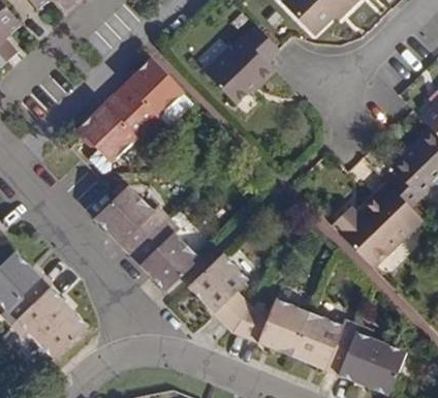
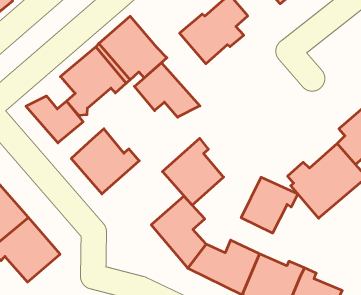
building: none -> [134,63,200,117]
building: none -> [26,96,83,143]
building: [131,216,199,290] -> [162,138,224,205]
building: none -> [241,177,298,233]

